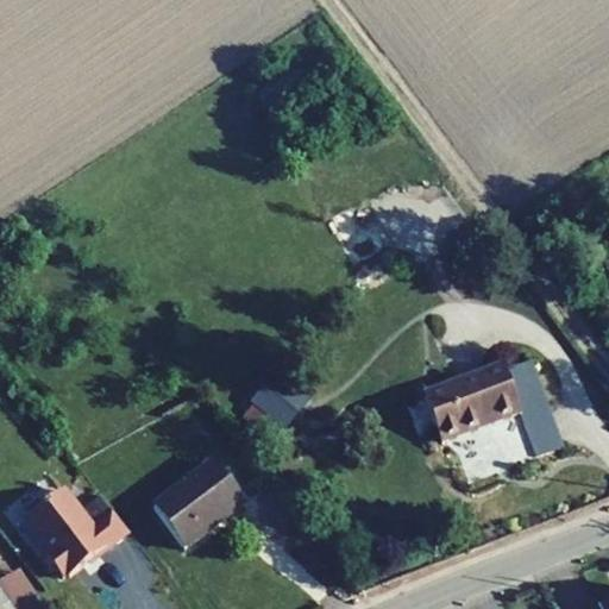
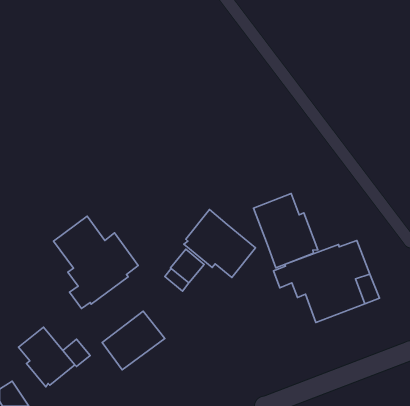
building: none -> [254,193,318,268]
building: none -> [184,210,256,277]
building: none -> [54,216,138,308]

